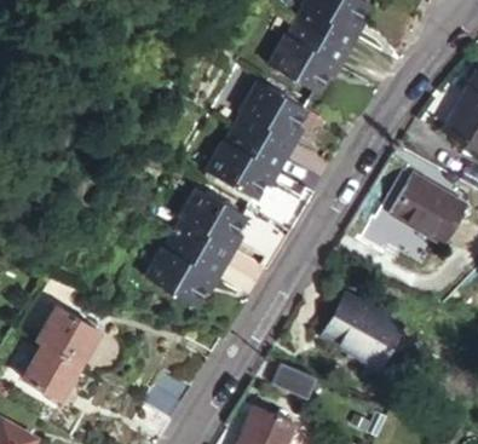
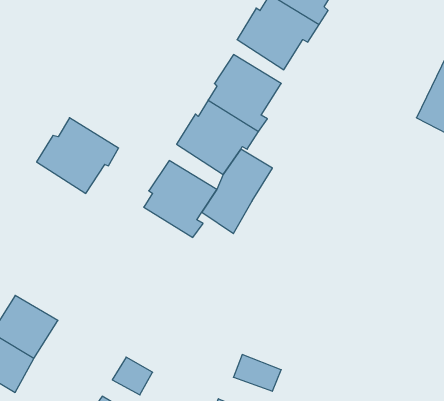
building: [384,179,457,248] -> none
building: [152,221,231,294] -> [37,118,119,193]
building: [324,289,404,367] -> none

